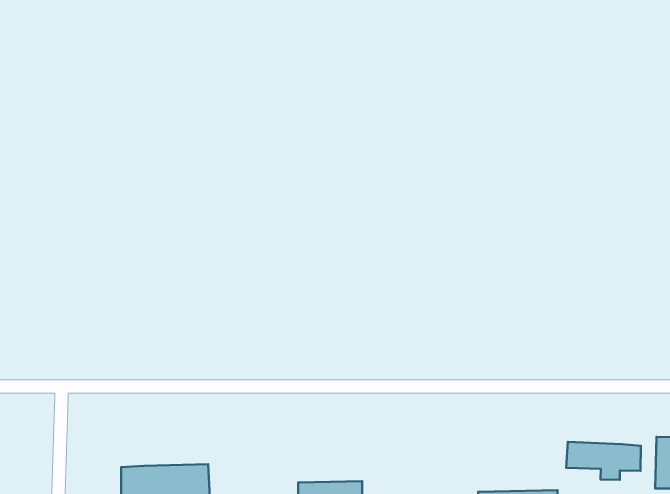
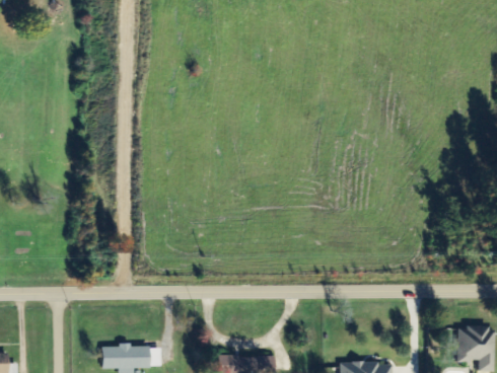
building: [566,442,641,480] -> none

